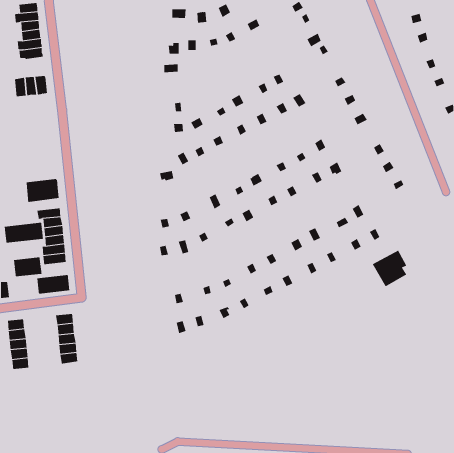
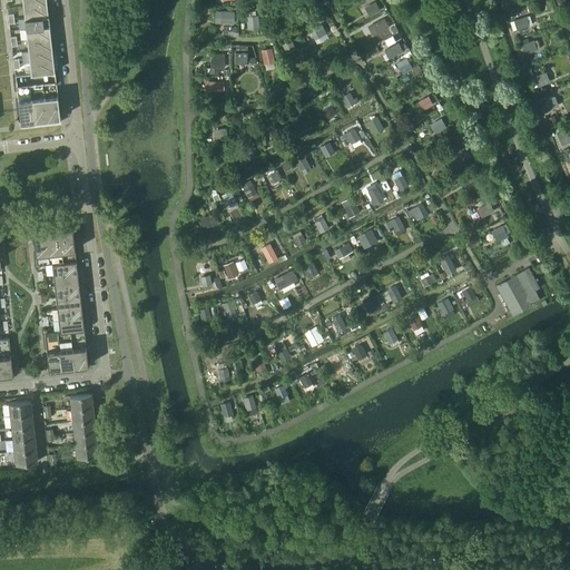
building: [4,222,44,244] -> none
building: [372,250,407,287] -> [495,268,540,315]
building: [14,256,42,277] -> none

